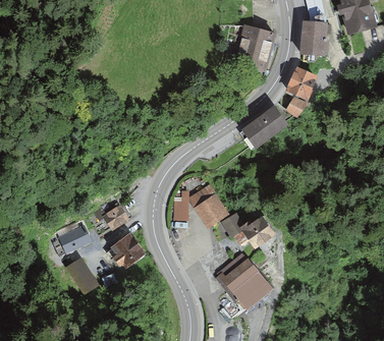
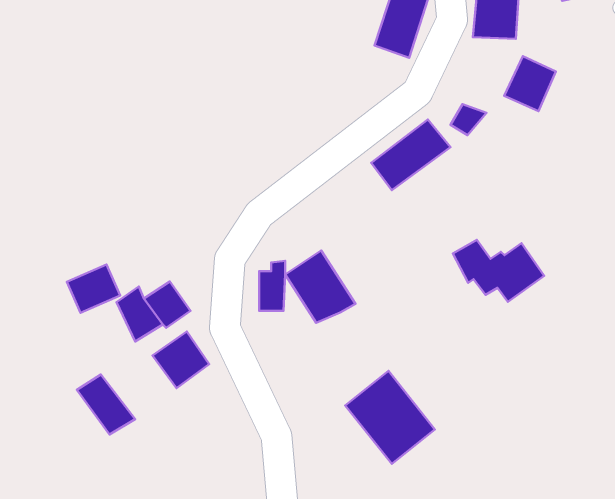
building: [284,65,315,98] -> [504,56,556,111]
building: [219,212,273,248] -> [453,240,544,302]
building: [55,223,87,251] -> [67,265,120,313]

